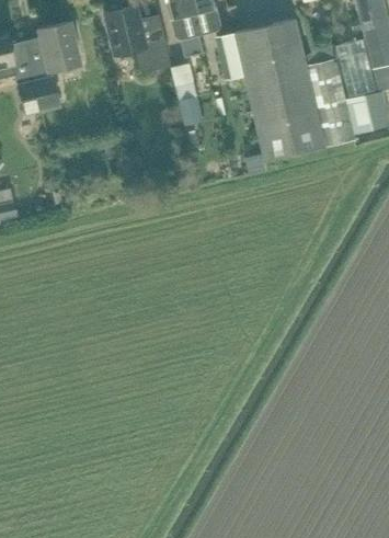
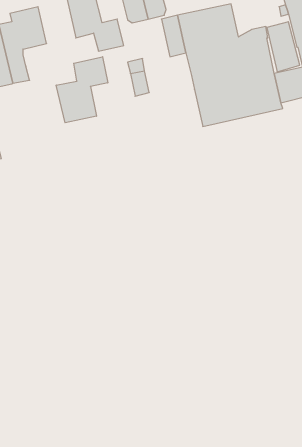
building: none -> [56,57,108,123]

